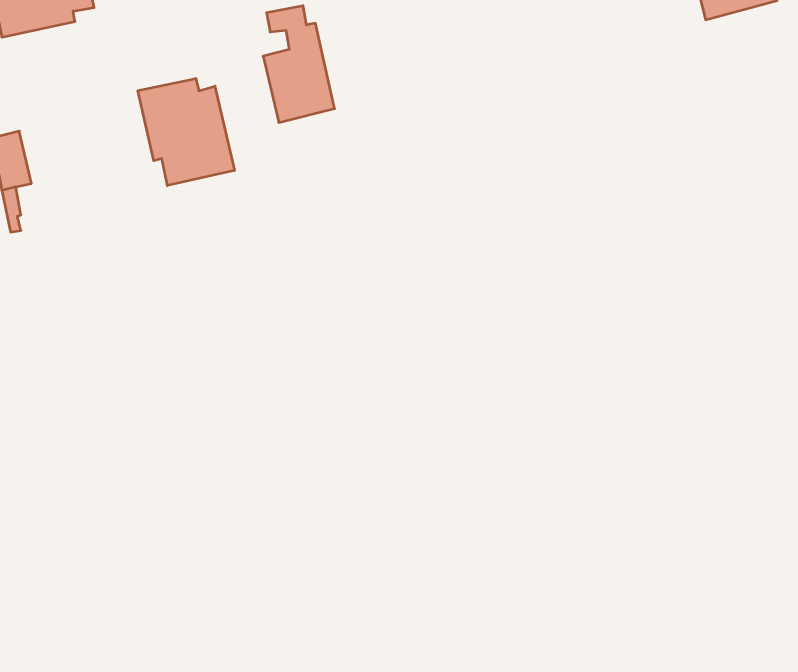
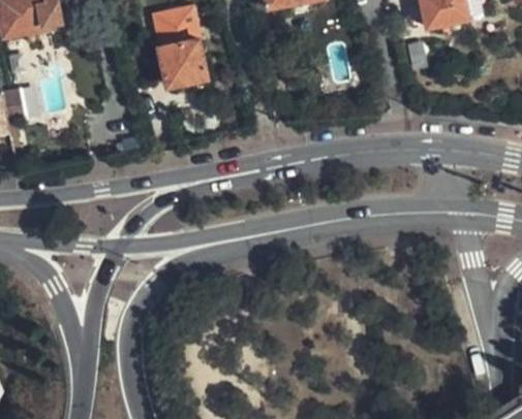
building: [138,78,234,186] -> none

